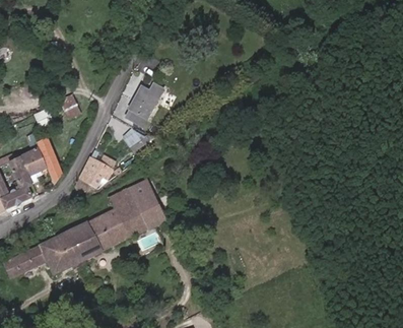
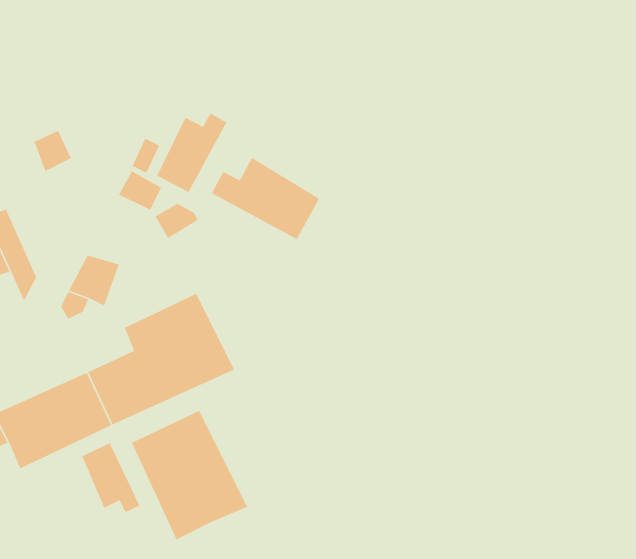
building: none -> [211,157,320,240]
building: none -> [131,410,248,540]
building: none -> [81,442,140,513]

